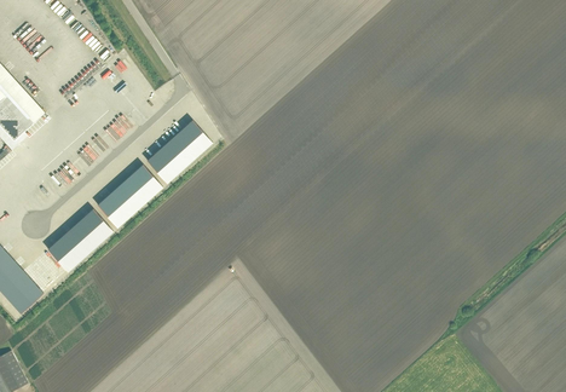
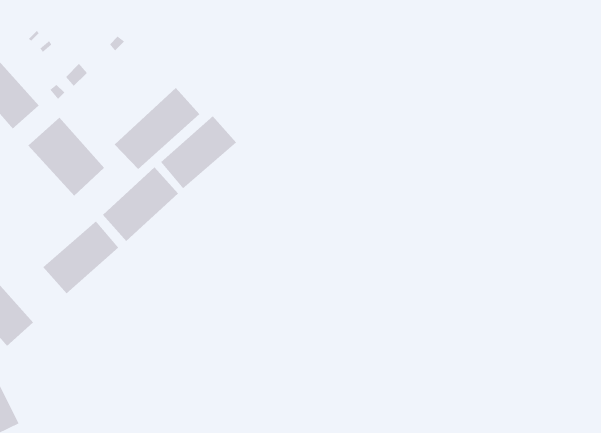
building: none -> [114,87,200,170]
building: none -> [28,117,105,196]

